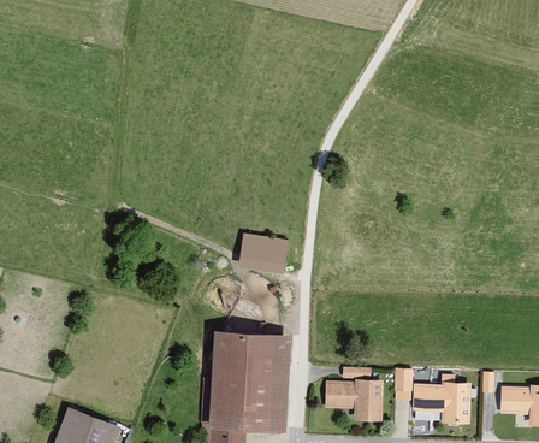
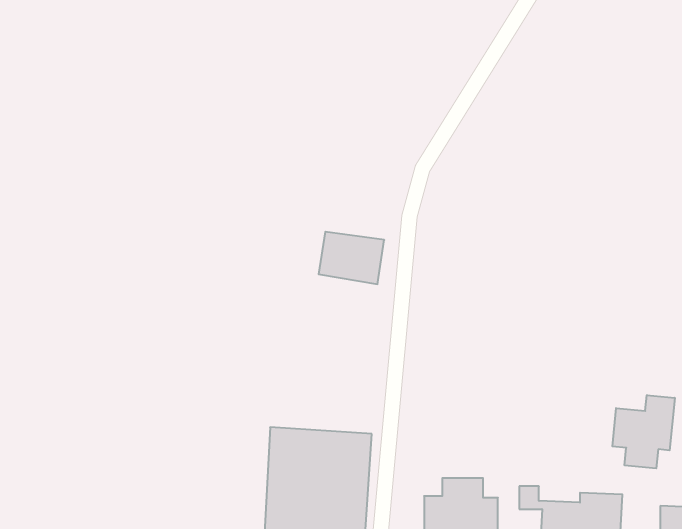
building: [239,234,288,272] -> [319,232,384,284]
building: none -> [612,395,675,468]

